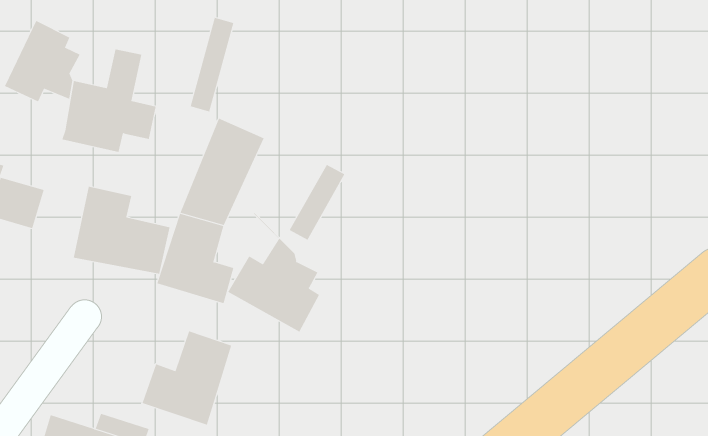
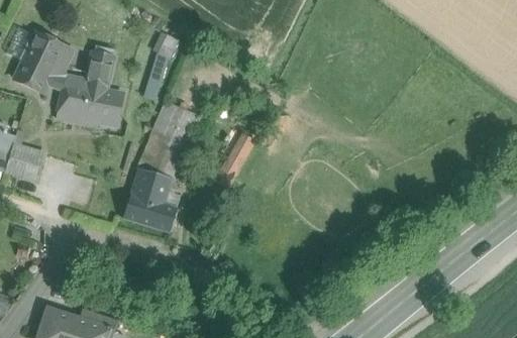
building: [73,186,170,274] -> none
building: [228,212,320,333] -> none
building: [142,330,232,425] -> none

